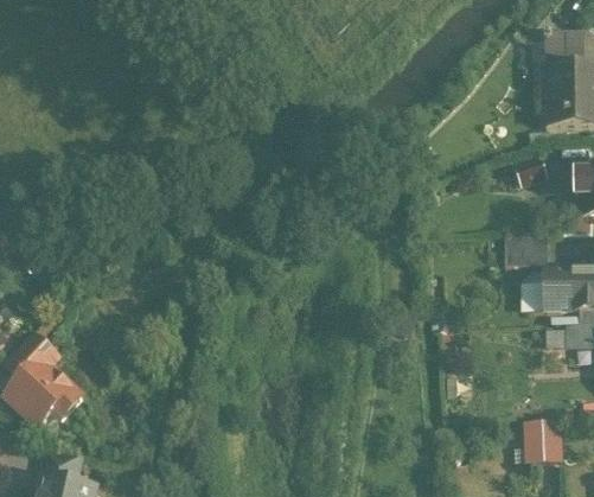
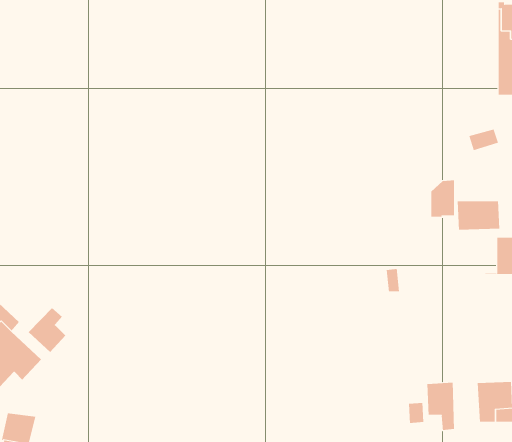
building: [520,272,545,310] -> [430,180,455,217]
building: none -> [28,307,66,353]
building: none -> [427,382,455,431]

